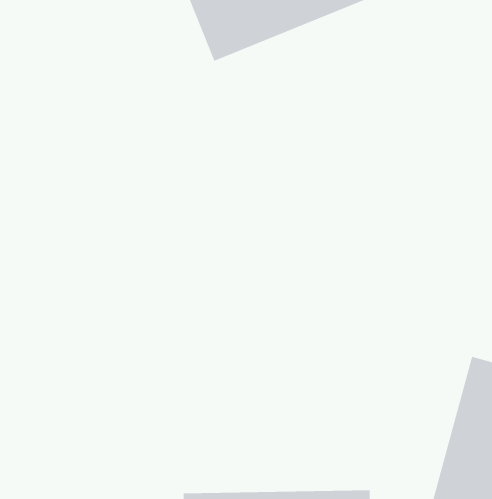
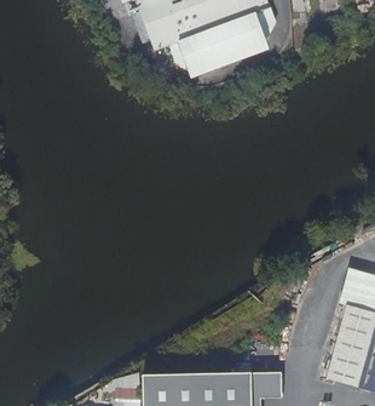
building: none -> [188,15,275,73]

